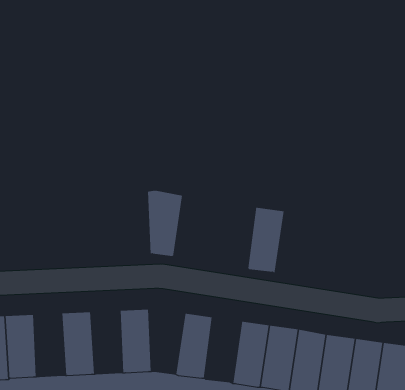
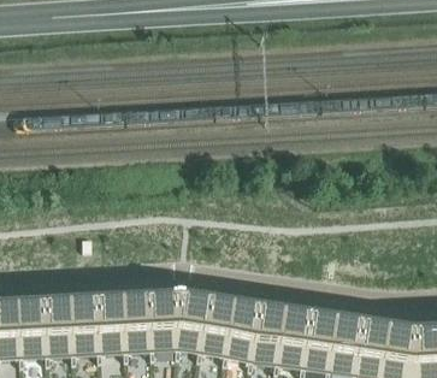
building: [147,190,183,256] -> [175,285,207,345]
building: [247,207,284,273] -> [225,294,259,354]
building: none -> [122,288,150,345]
building: none -> [70,290,99,348]

